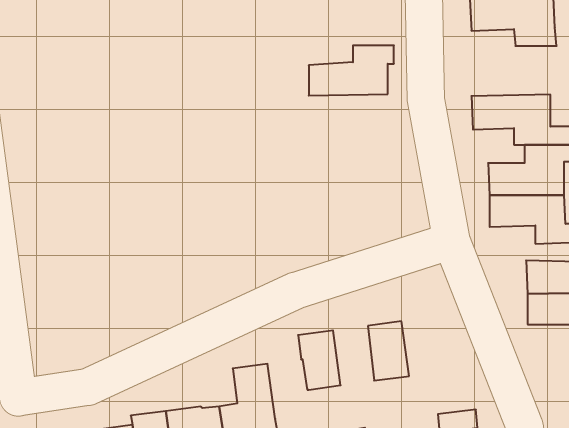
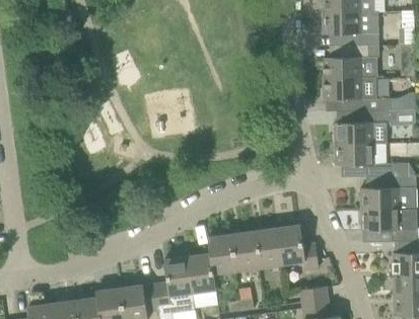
building: [309,45,394,96] -> [323,46,379,79]
building: none -> [276,226,318,271]
building: none -> [230,232,258,271]
building: none -> [187,254,216,294]

